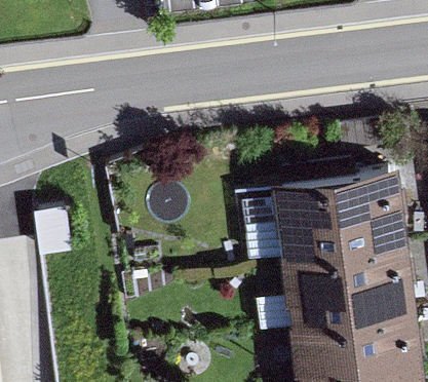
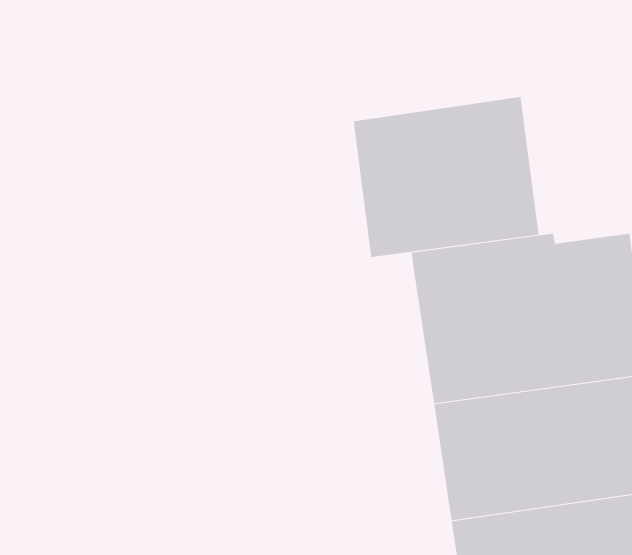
building: none -> [353,96,539,258]

